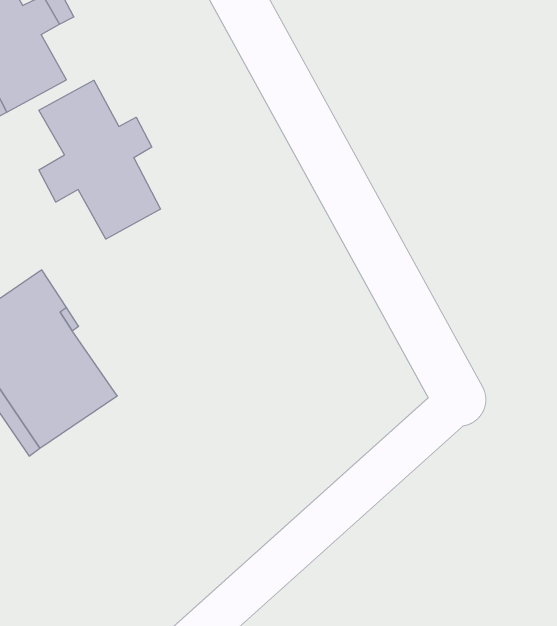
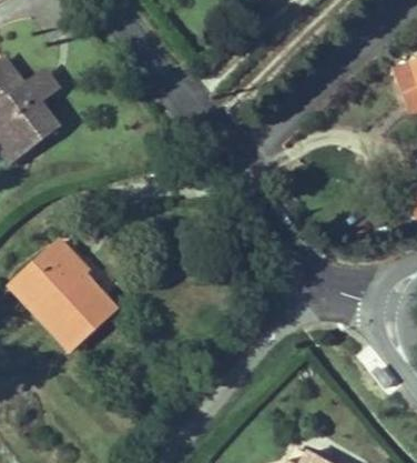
building: [39,80,161,239] -> none

